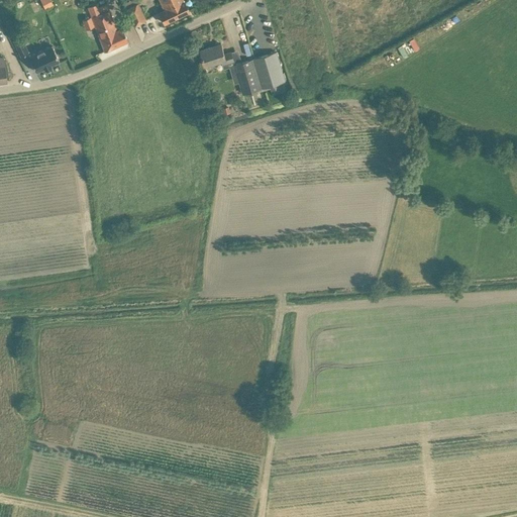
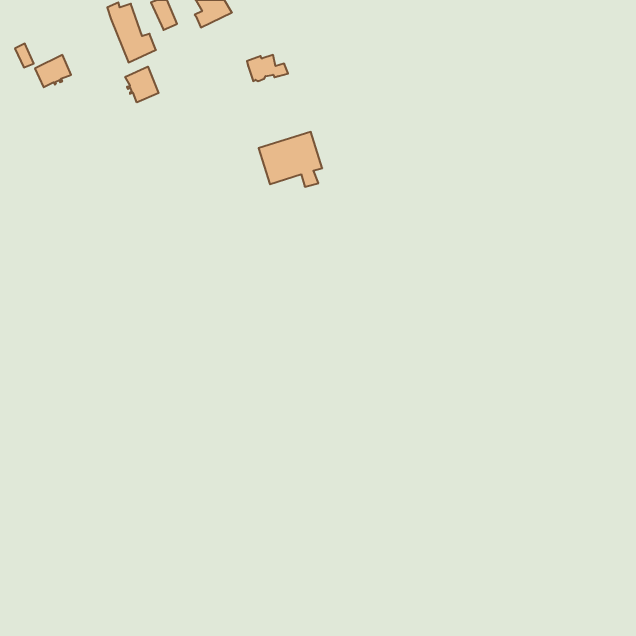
building: [233,51,285,96] -> [259,132,322,187]
building: none -> [125,67,159,102]

